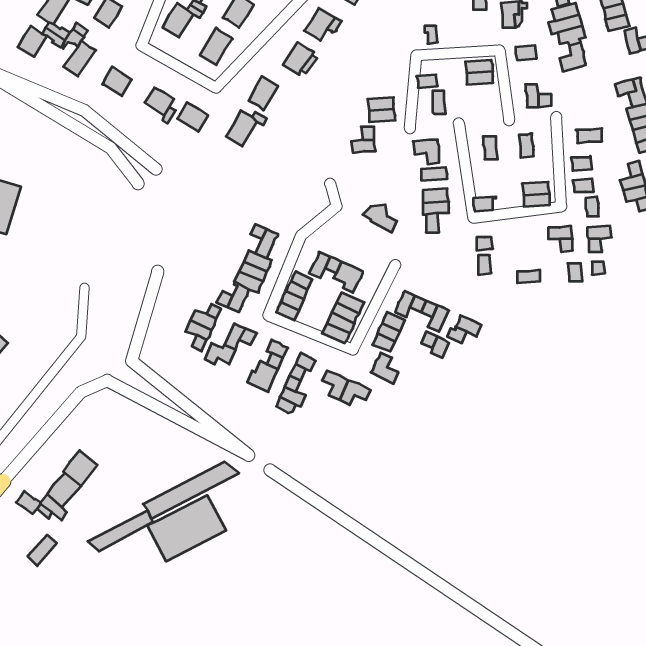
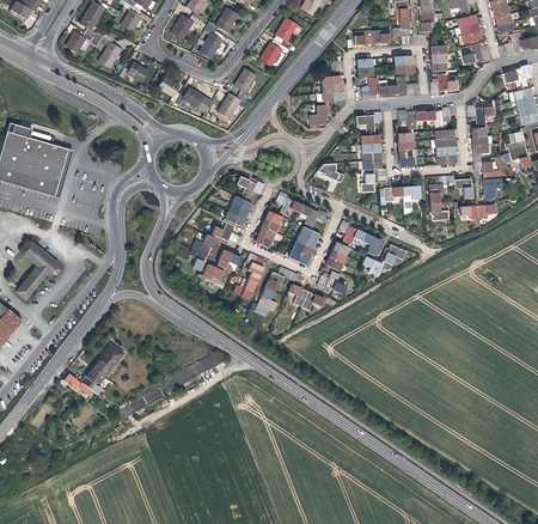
building: [147,495,226,561] -> none

